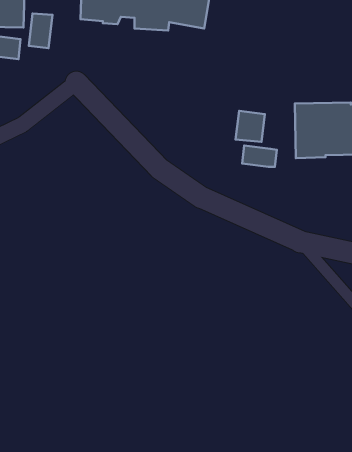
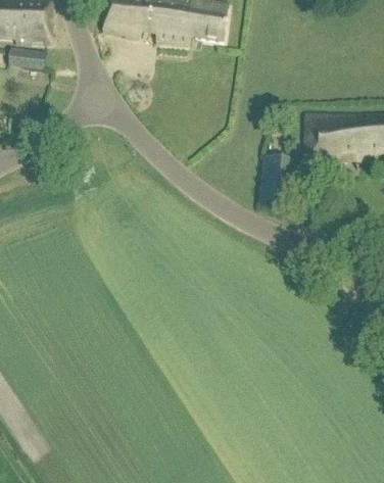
building: [29,13,52,48] -> none
building: [236,111,265,142] -> none

